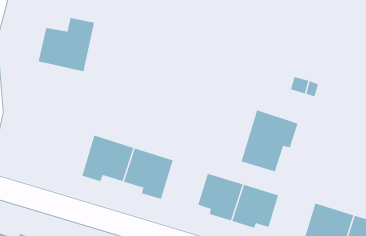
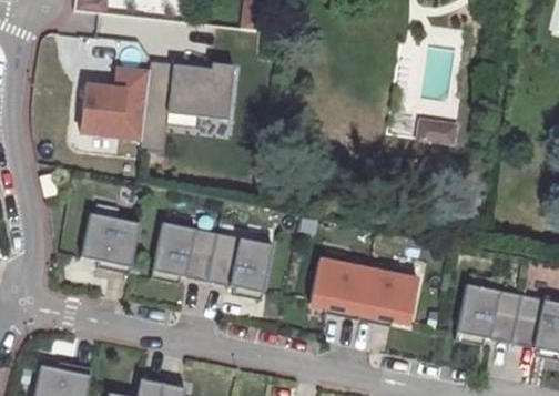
building: none -> [141,61,232,153]
building: [241,110,298,172] -> none
building: none -> [82,212,141,274]

